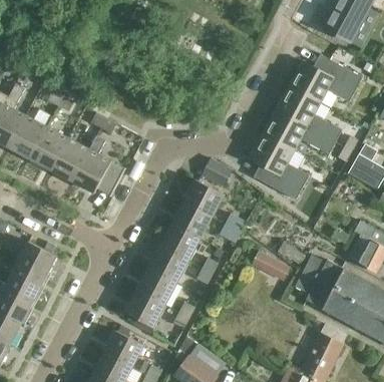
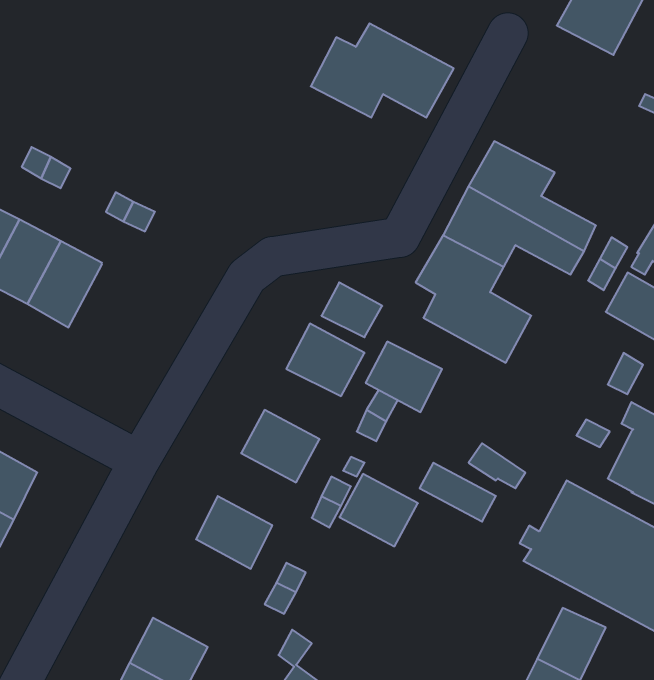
building: [290,54,363,102] -> [311,23,454,118]
building: [72,135,125,197] -> none
building: [172,203,212,239] -> [366,342,442,412]
building: [148,246,188,283] -> [339,474,418,546]
building: [125,290,165,327] -> none

